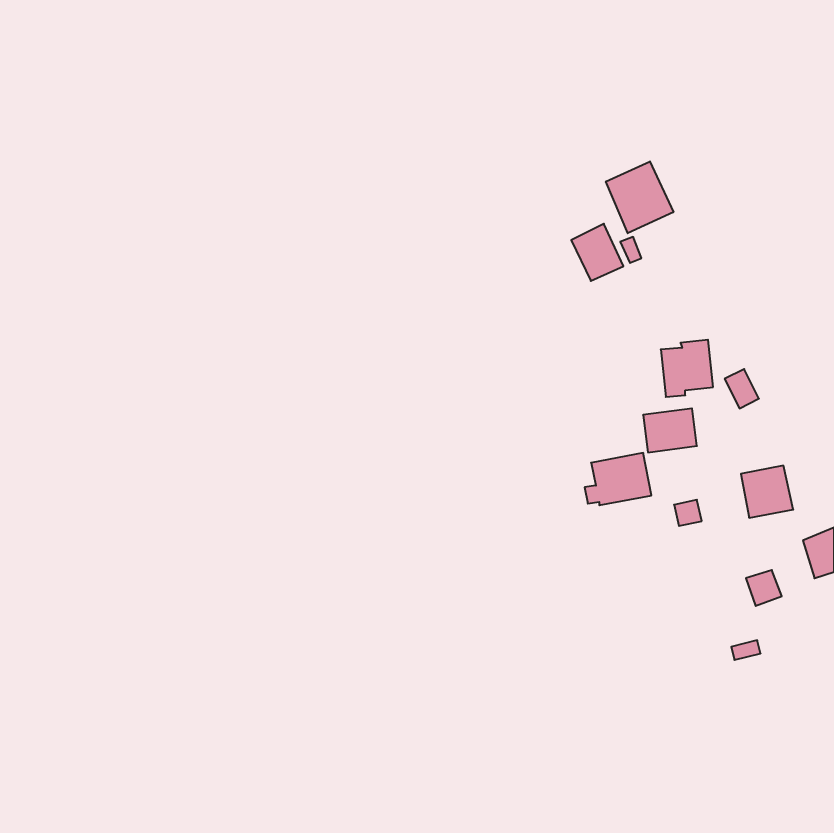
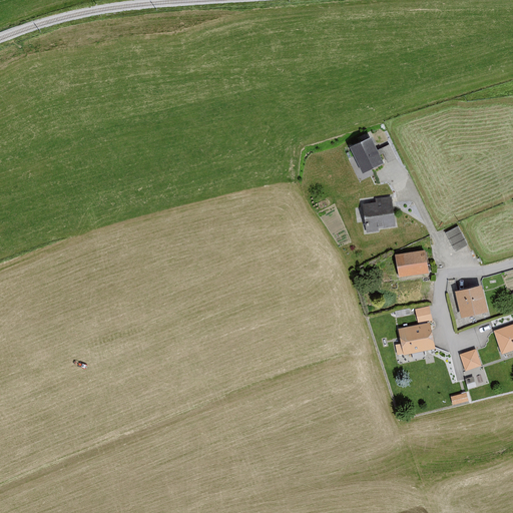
building: [606,161,673,233] -> none
building: [661,340,713,397] -> [362,197,394,232]
building: [585,453,651,505] -> [394,324,435,356]

